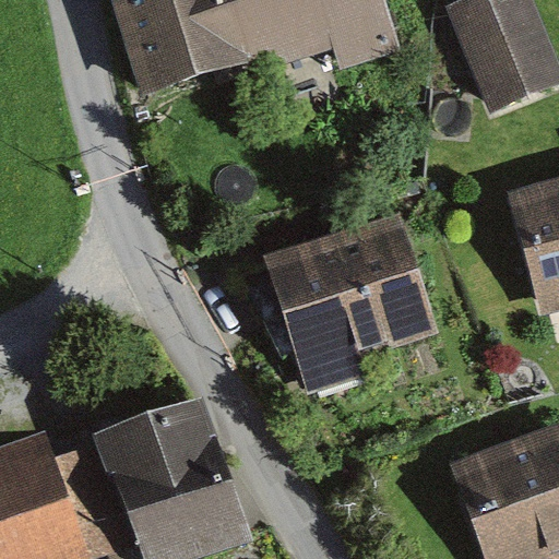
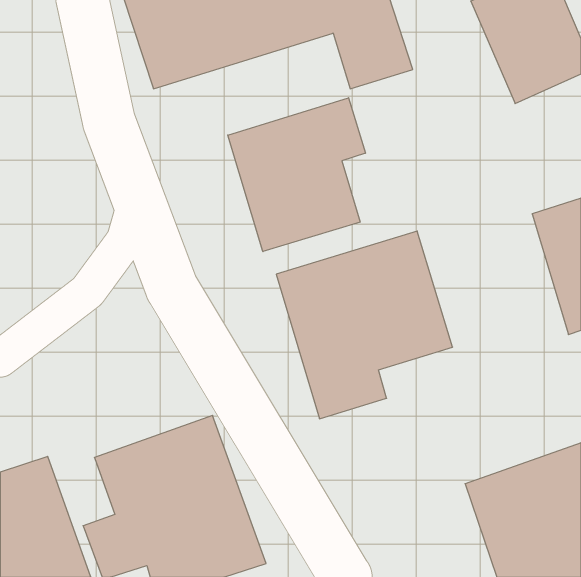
building: none -> [228,98,365,252]

